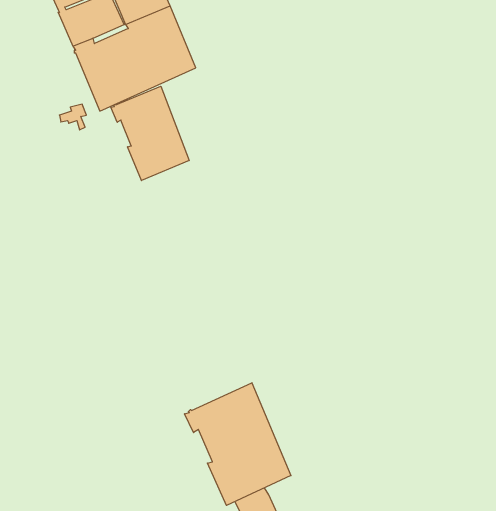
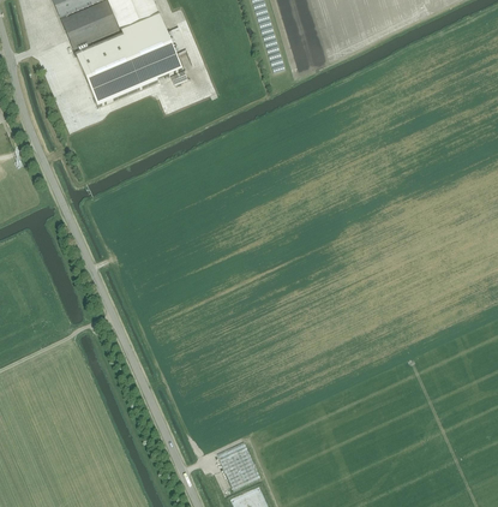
building: [111,86,189,181] -> none
building: [185,383,291,505] -> none

